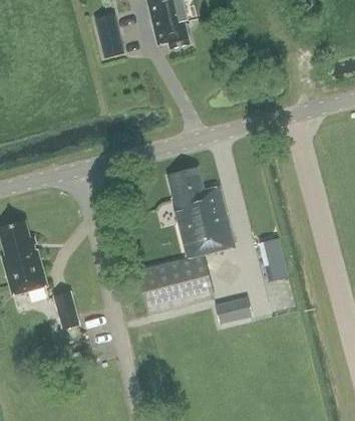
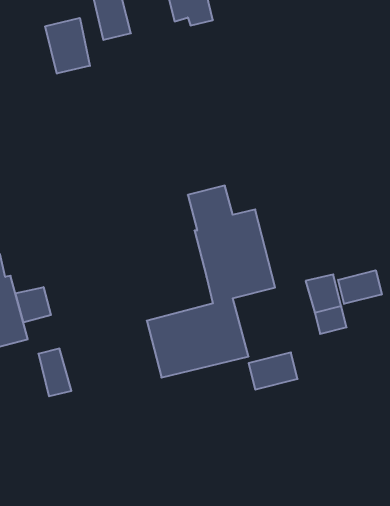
building: none -> [45,18,90,74]
building: none -> [338,270,382,304]
building: none -> [15,287,51,322]

